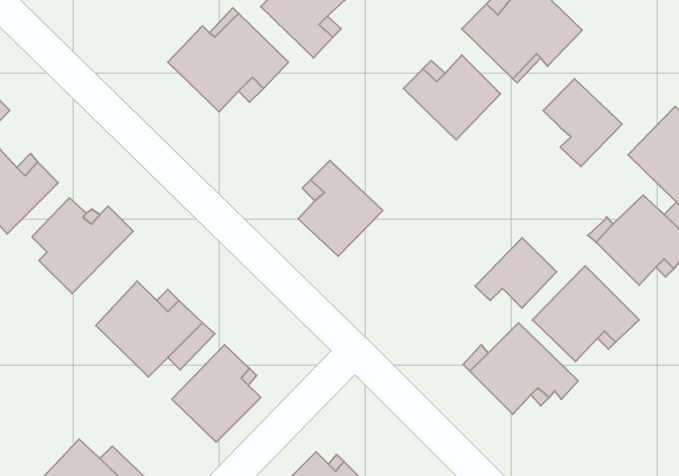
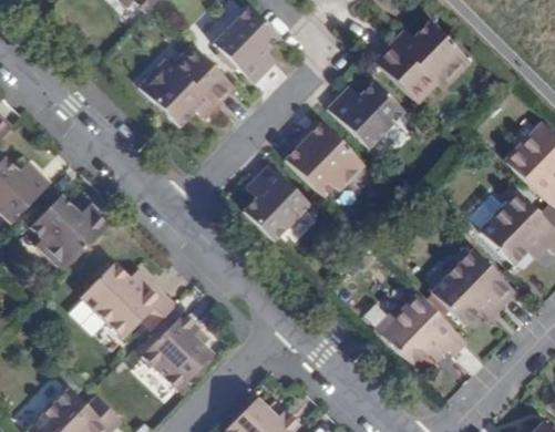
building: [543,79,622,167] -> none
building: none -> [285,119,364,197]
building: [475,238,557,308] -> none

